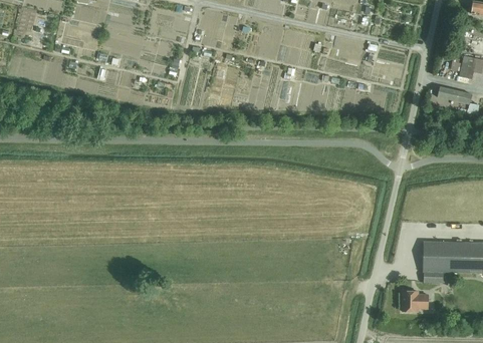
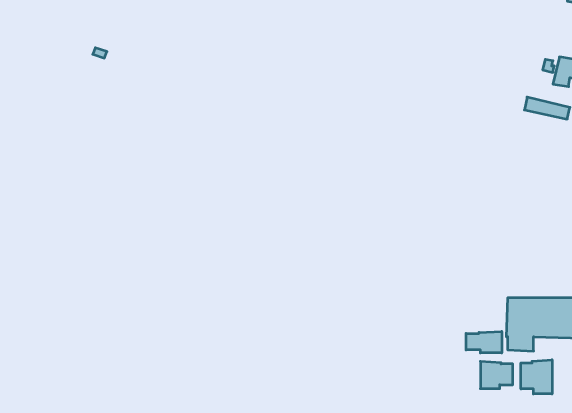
building: none -> [466,331,502,353]
building: none -> [521,360,552,394]

